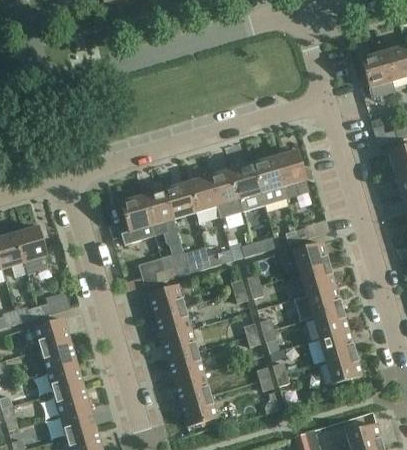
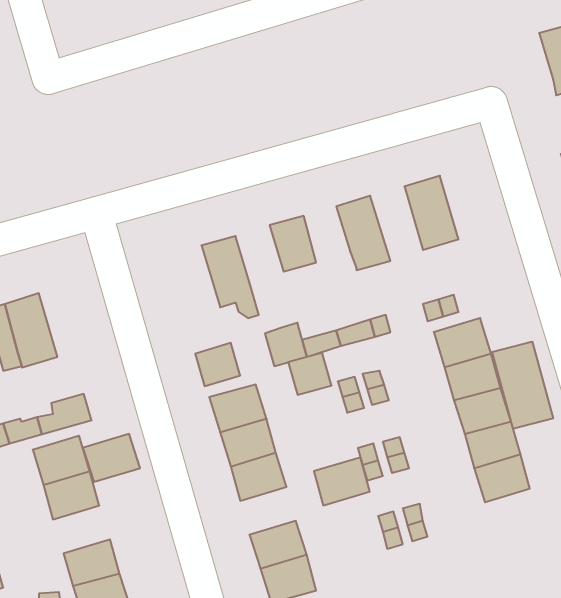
building: [251,157,285,205] -> none
building: [208,170,242,214] -> none
building: [164,182,195,219] -> none
building: [119,195,154,245] -> none
building: [161,252,189,279] -> [288,353,332,395]
building: none -> [492,342,553,429]
building: [167,351,203,382] -> [314,457,370,505]
building: [325,352,361,384] -> none
building: [46,363,83,394] -> [83,434,140,482]

